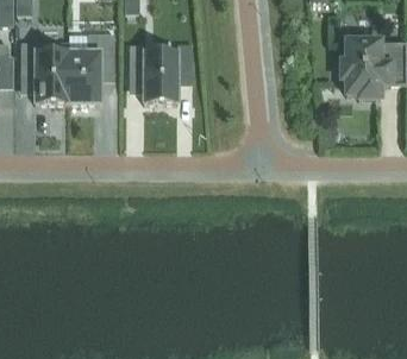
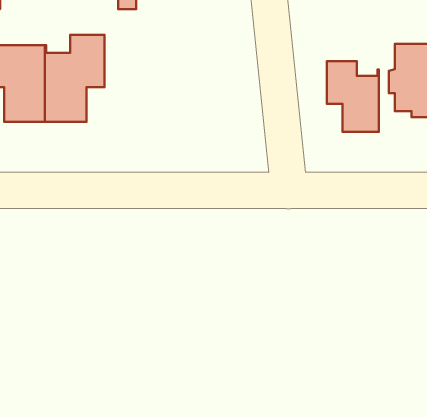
building: [129,45,176,102] -> none
building: none -> [327,61,379,132]

